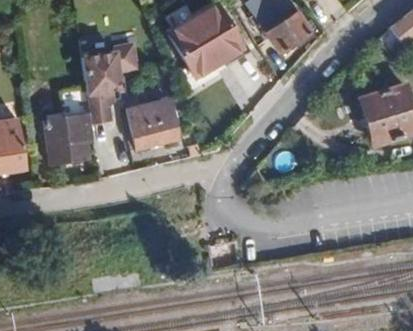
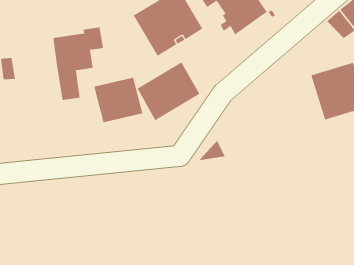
building: none -> [137,61,200,121]
building: [45,86,96,163] -> none

